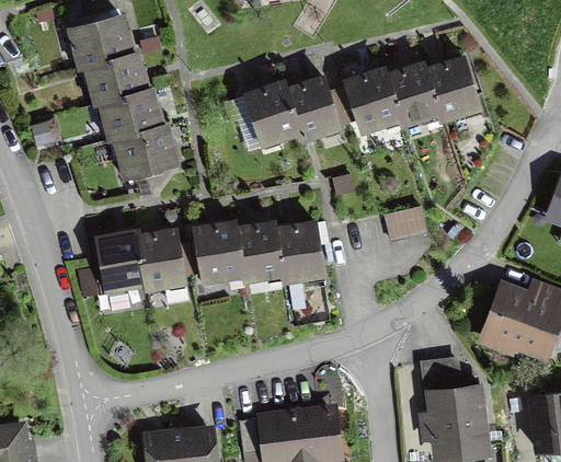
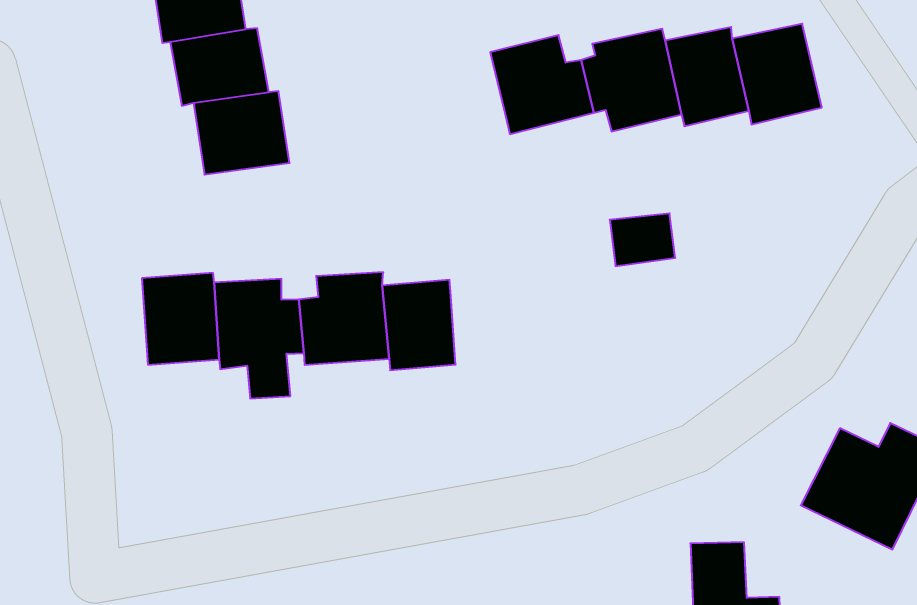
building: [245,83,299,143] -> none
building: [386,208,425,241] -> [610,213,675,266]
building: [275,224,323,280] -> none

